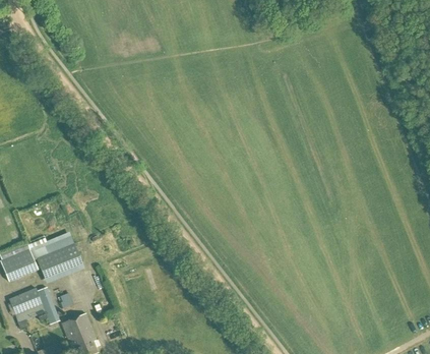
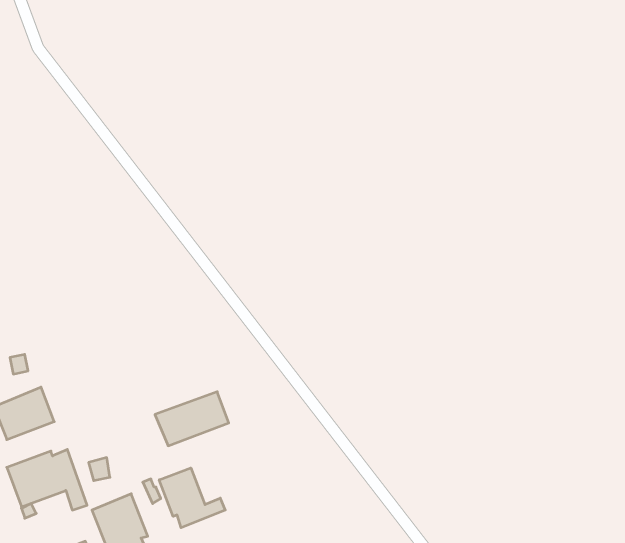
building: [36,242,81,276] -> [155,392,229,446]
building: none -> [159,468,225,528]

